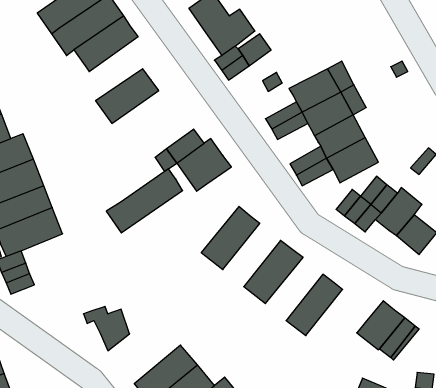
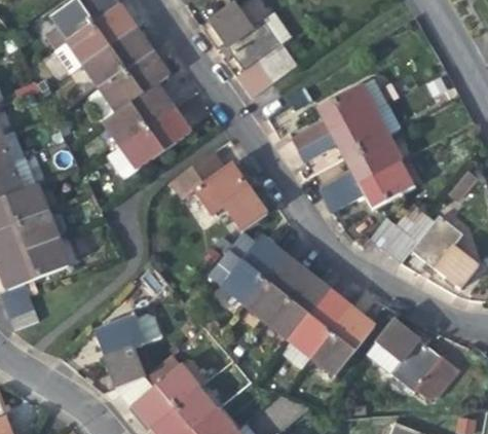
building: none -> [88,49,170,119]
building: none -> [227,191,268,230]
building: [106,169,183,233] -> [107,108,190,178]
building: none -> [245,253,307,322]
building: none -> [291,290,353,359]
building: none -> [92,313,147,352]
building: none -> [376,319,419,361]
building: none -> [119,351,198,428]

